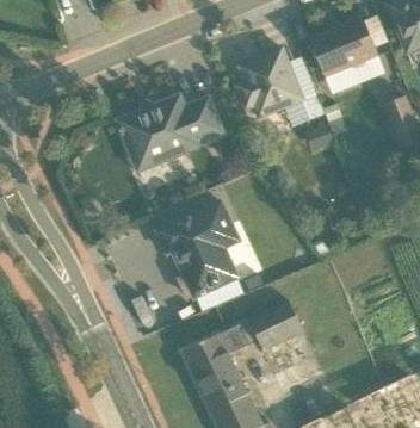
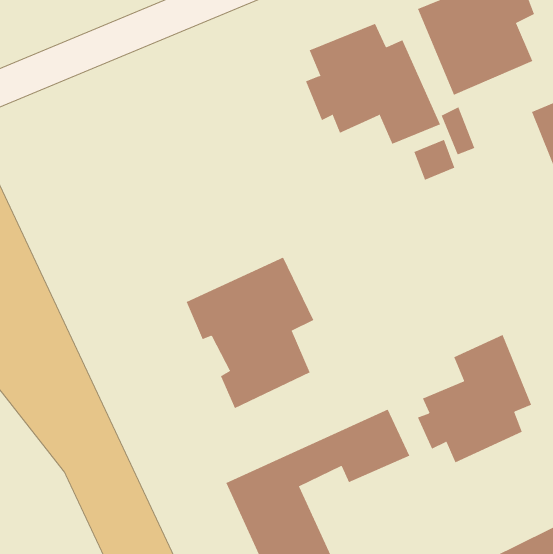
building: [116,94,226,173] -> none
building: none -> [417,334,532,463]

